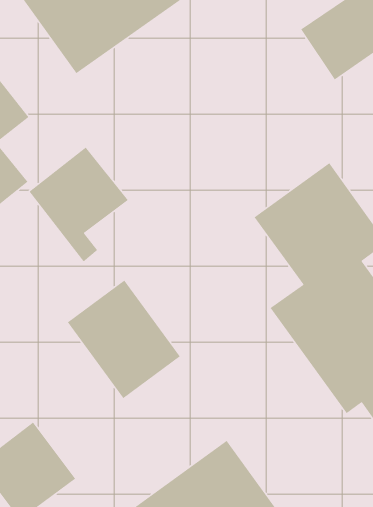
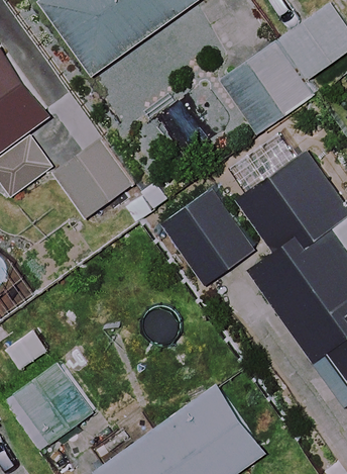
building: none -> [220,38,316,134]
building: [67,279,181,399] -> [161,185,255,284]

